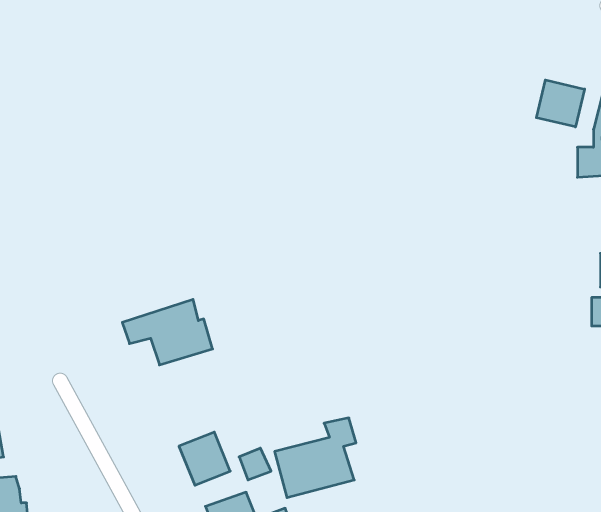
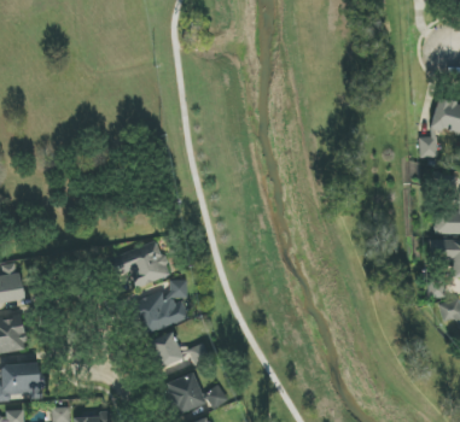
building: [536,80,585,127] -> none
building: [275,418,356,498] -> [134,279,190,333]

